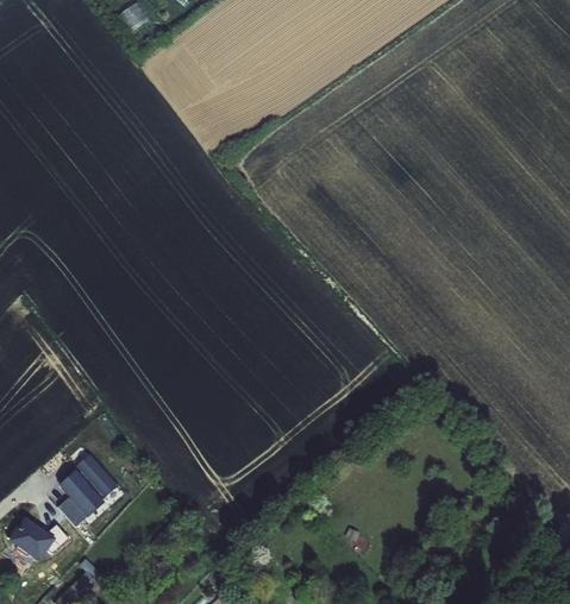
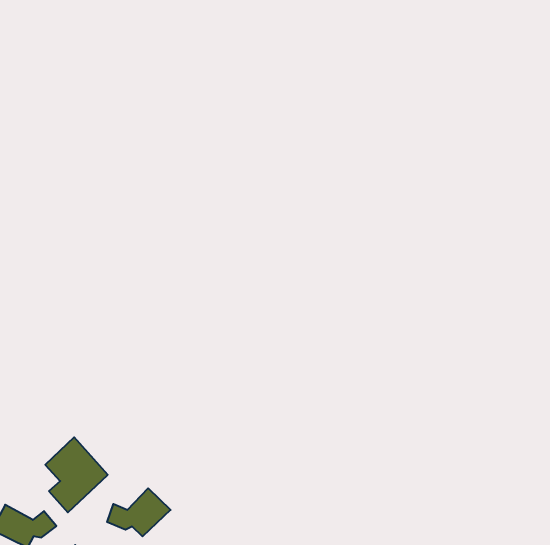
building: none -> [107,488,171,536]

